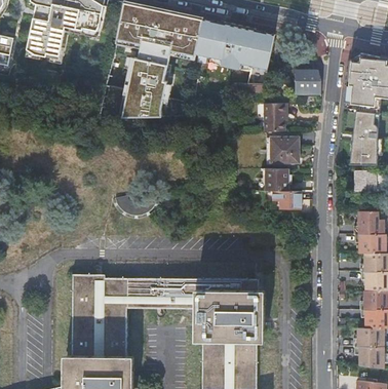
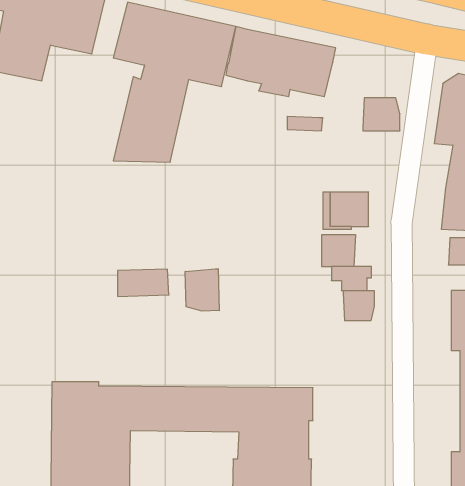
building: [266,104,287,132] -> none
building: none -> [185,269,219,311]
building: none -> [344,291,374,321]

